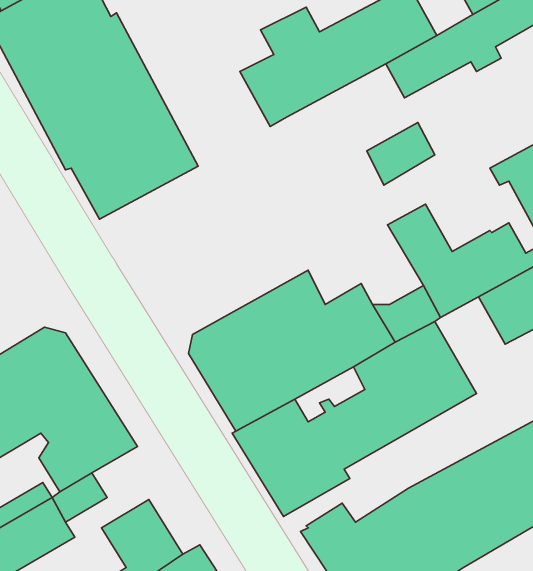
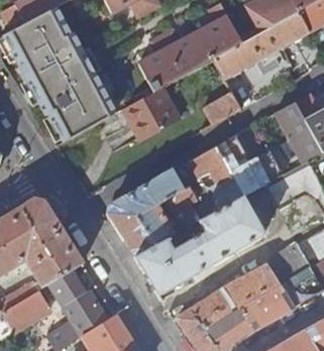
building: none -> [122,88,180,141]
building: none -> [191,145,235,188]

